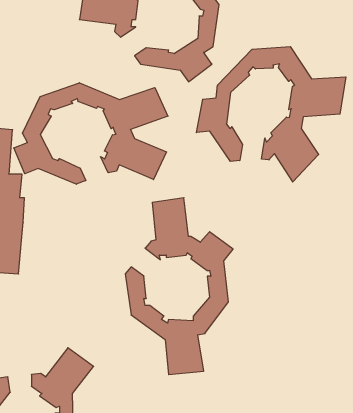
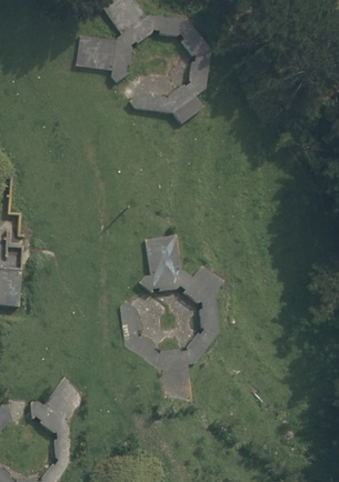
building: [196,47,346,182] -> none
building: [14,83,168,184] -> none

